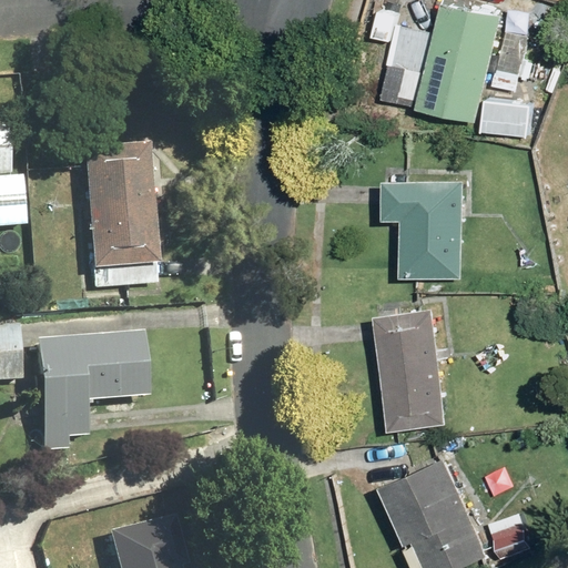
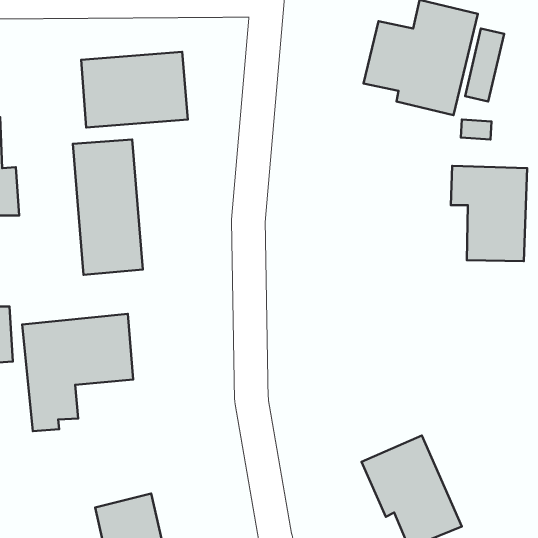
building: none -> [81,52,188,128]
building: [383,180,463,280] -> [451,166,527,261]
building: [375,308,446,429] -> none

